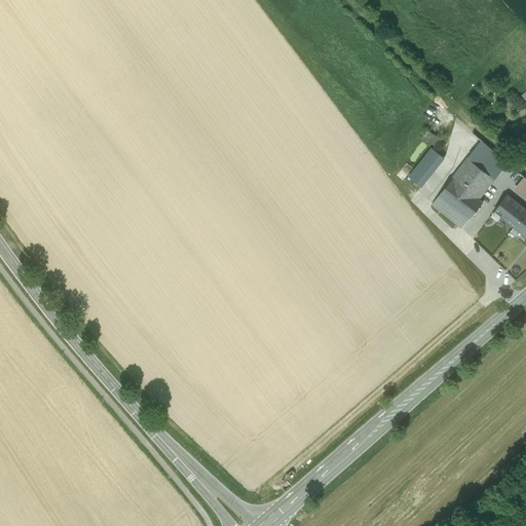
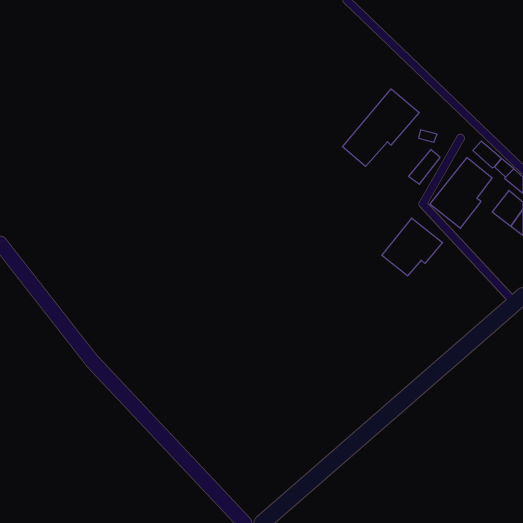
building: none -> [342,89,419,166]
building: none -> [382,218,443,276]

